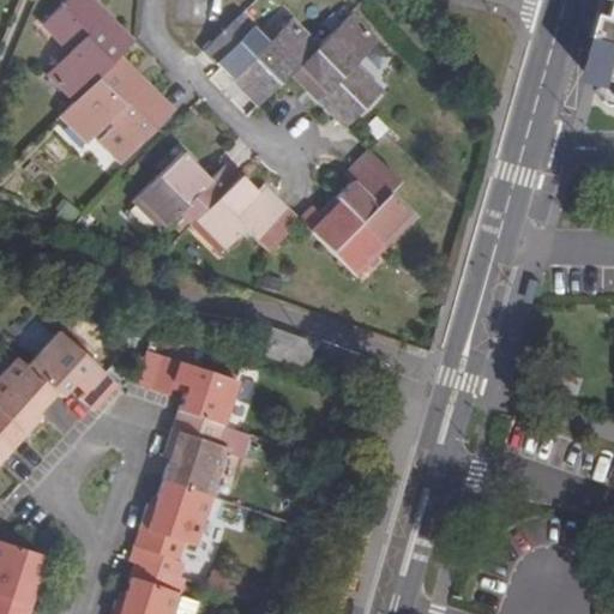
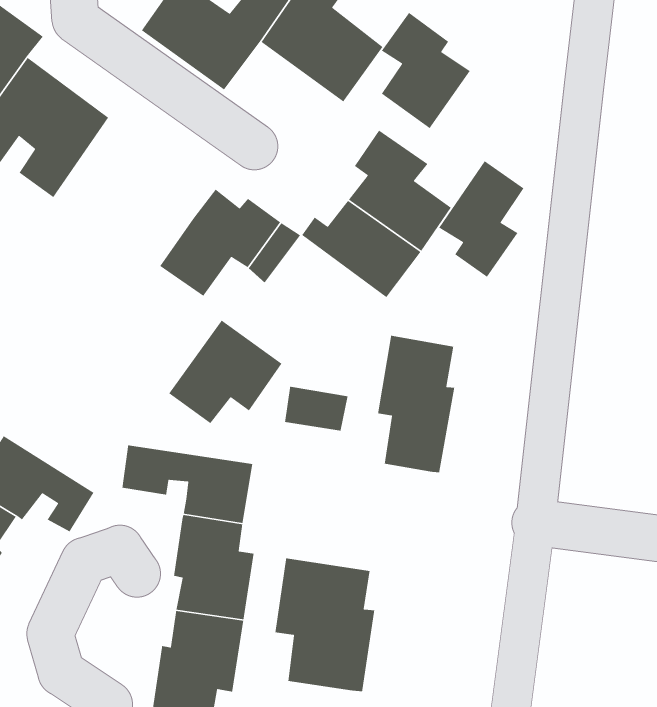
building: none -> [381,12,471,129]
building: [134,154,222,229] -> [168,319,282,424]
building: none -> [438,160,525,278]
building: none -> [377,335,455,473]
building: none -> [274,558,375,692]

